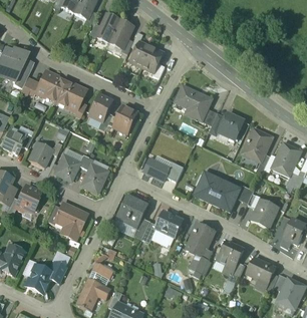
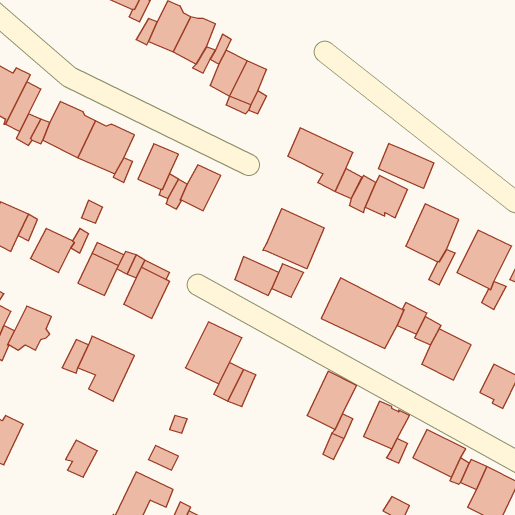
building: none -> [379,143,434,188]
building: none -> [263,209,324,269]
building: [156,210,182,235] -> none
building: [25,265,52,292] -> none

